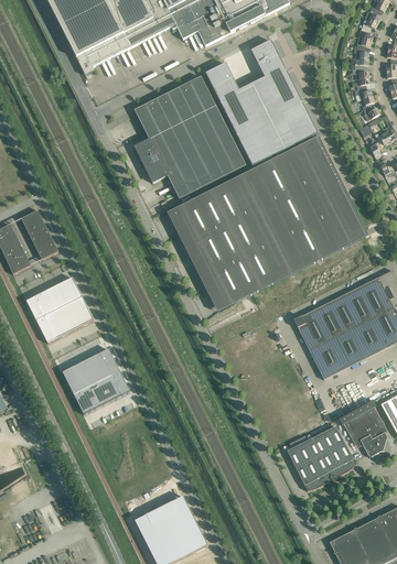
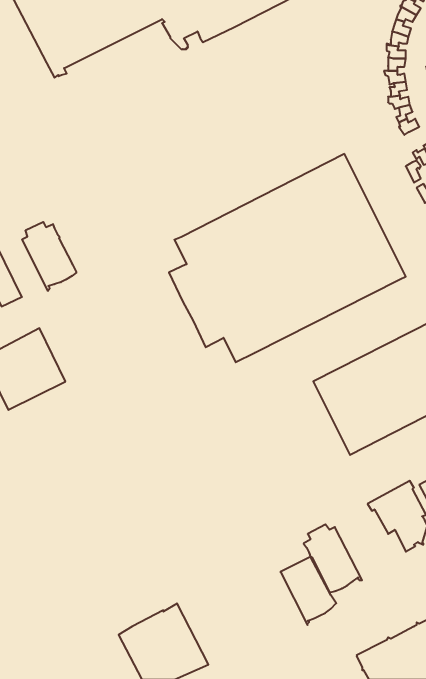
building: [205,40,316,165] -> none
building: [133,76,245,198] -> none
building: none -> [22,222,76,291]
building: [62,348,129,414] -> none
building: [311,425,356,480] -> [280,557,336,625]

